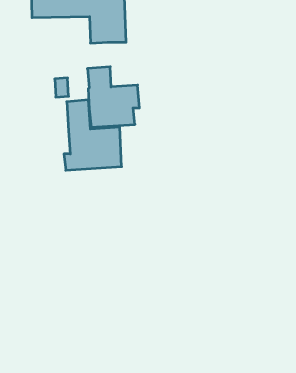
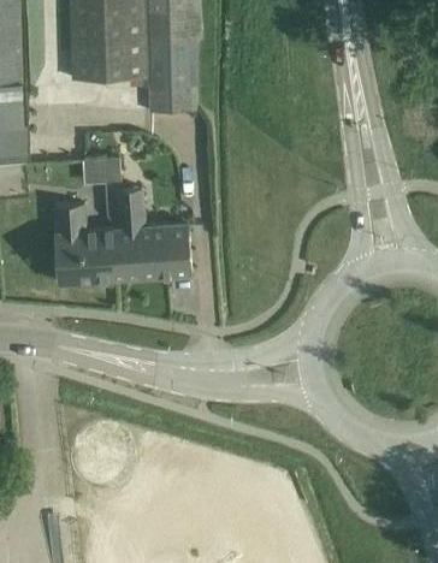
building: [87,67,139,127] -> [54,205,123,284]

